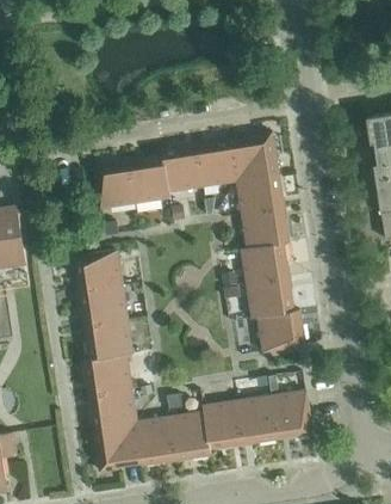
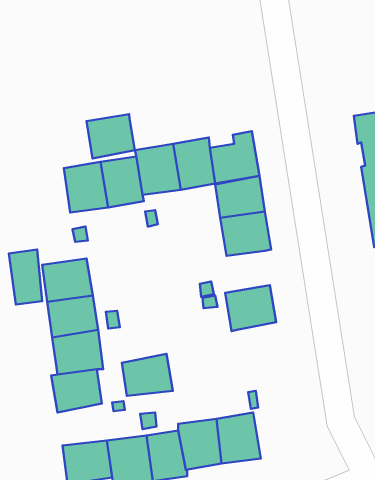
building: none -> [86,114,135,158]
building: none -> [9,249,42,304]
building: [240,245,287,284] -> none
building: [256,311,304,354] -> none
building: [88,388,136,428] -> [122,354,173,396]
building: [272,392,311,440] -> none

